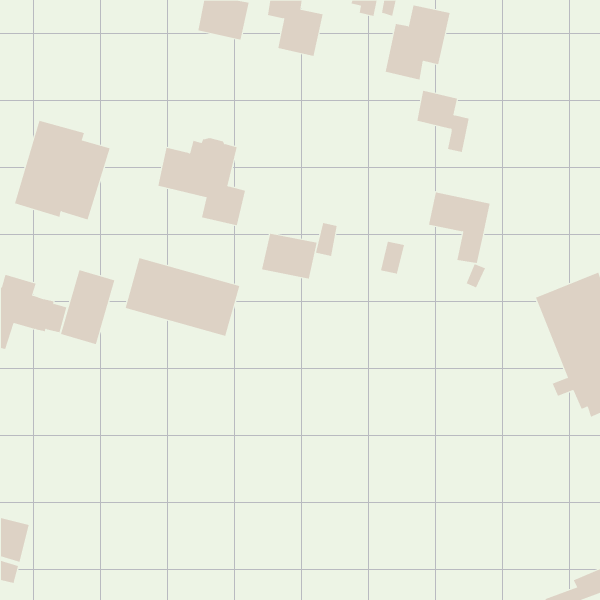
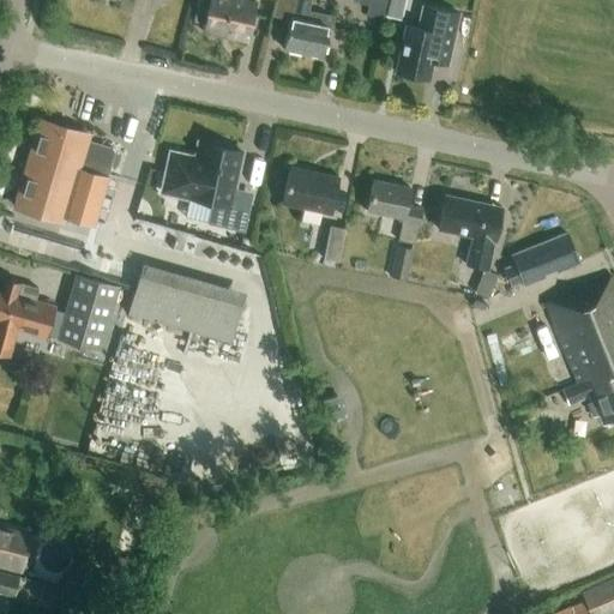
building: [417,90,470,153] -> [368,181,422,245]
building: none -> [502,233,580,288]
building: [261,233,318,279] -> [281,168,338,215]

